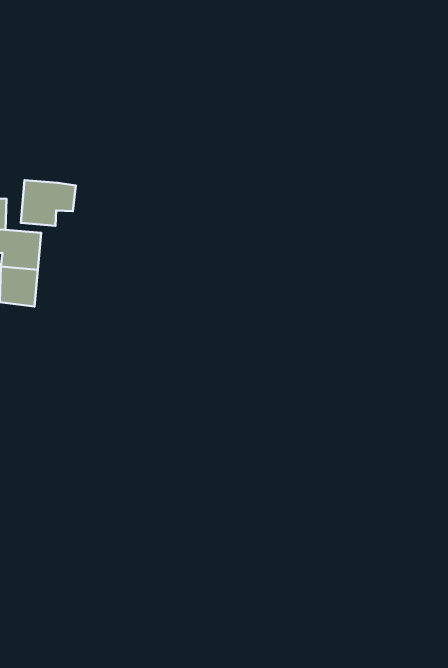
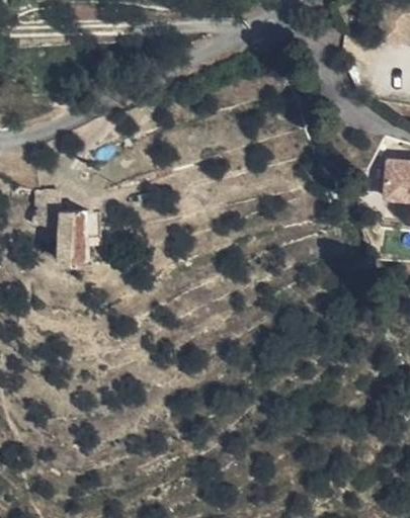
building: [21,180,76,226] -> none

